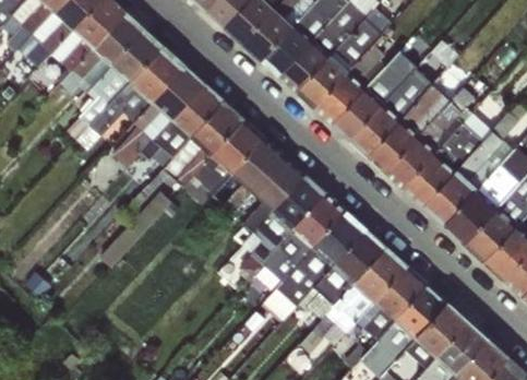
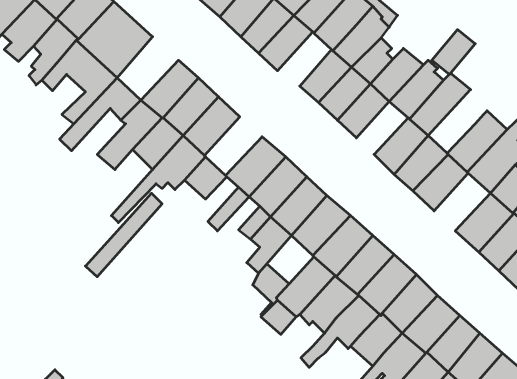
building: [278,40,328,91] -> none
building: [130,45,187,104] -> none
building: [418,88,475,153] -> none
building: [349,105,399,154] -> none
building: [211,119,264,174] -> none
building: [423,171,476,225] -> none
building: [268,229,312,274] -> none

